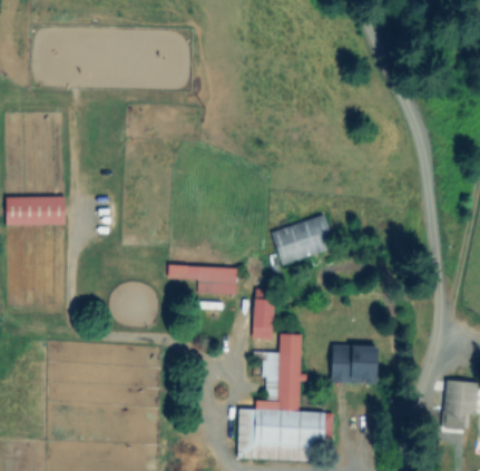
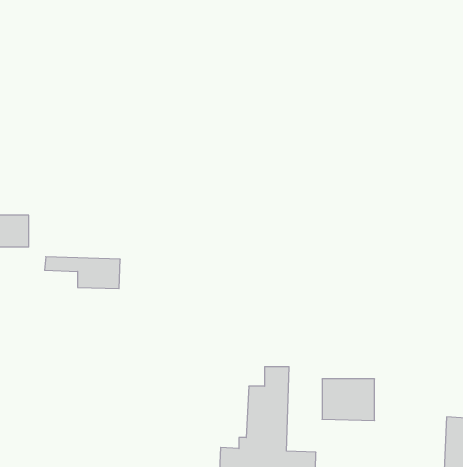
building: [272,217,332,264] -> none
building: [167,266,236,295] -> [45,257,120,289]
building: [253,290,276,341] -> none

